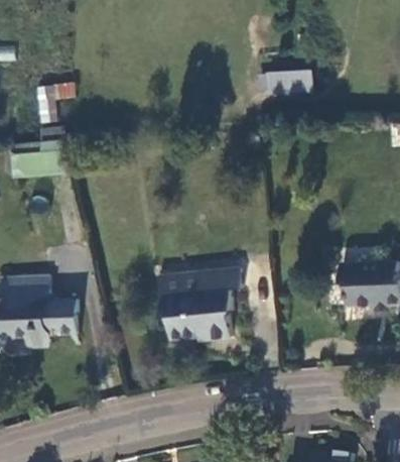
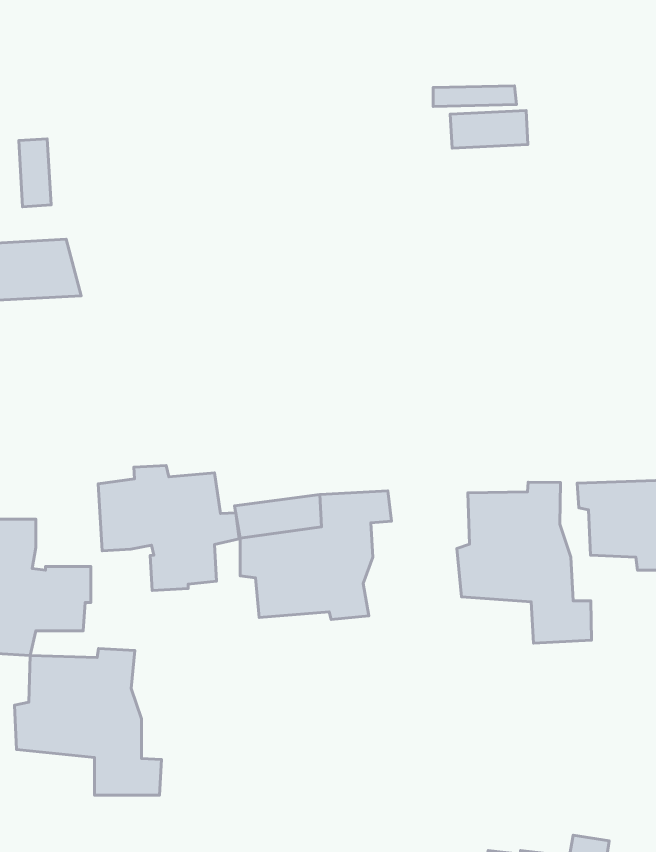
building: none -> [98,465,239,590]
building: none -> [457,482,591,643]
building: none -> [14,649,161,795]

